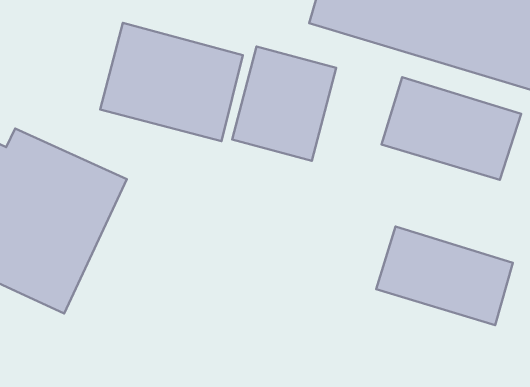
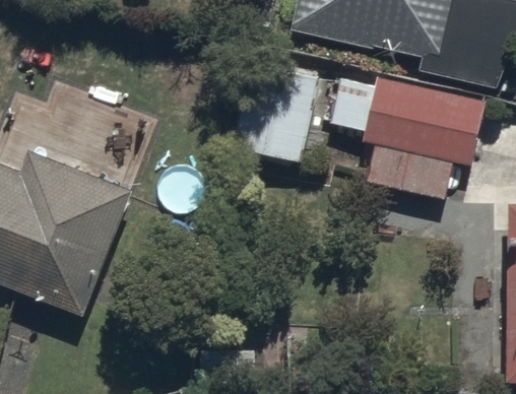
building: [100,23,243,141] -> none
building: [376,226,513,325] -> none

